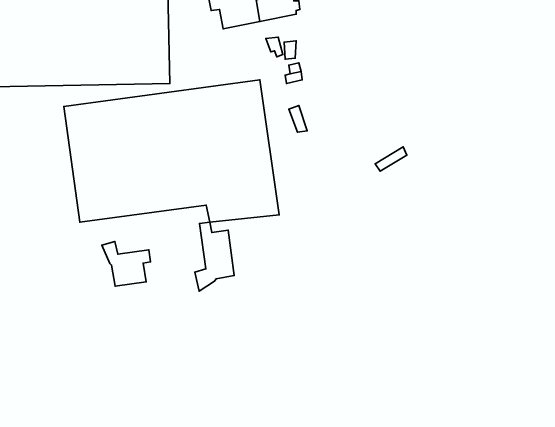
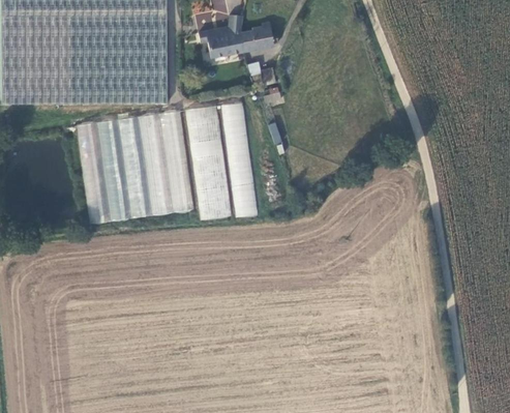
building: [195,222,234,291] -> none
building: [102,242,150,286] -> none

